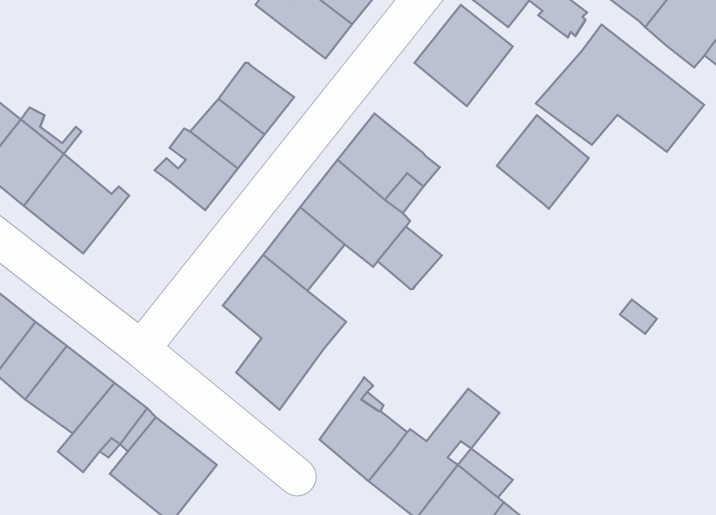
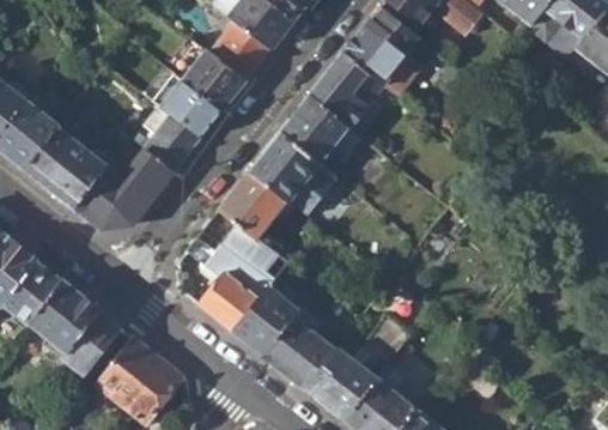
building: [536,24,704,152] -> none
building: none -> [211,24,270,81]
building: [497,115,589,209] -> [310,54,384,129]
building: none -> [75,151,174,229]
building: [378,227,442,289] -> none
building: none -> [233,284,300,357]

